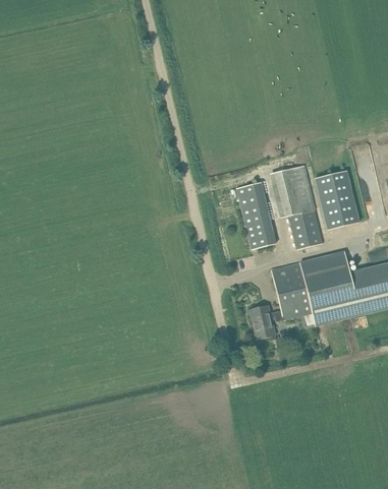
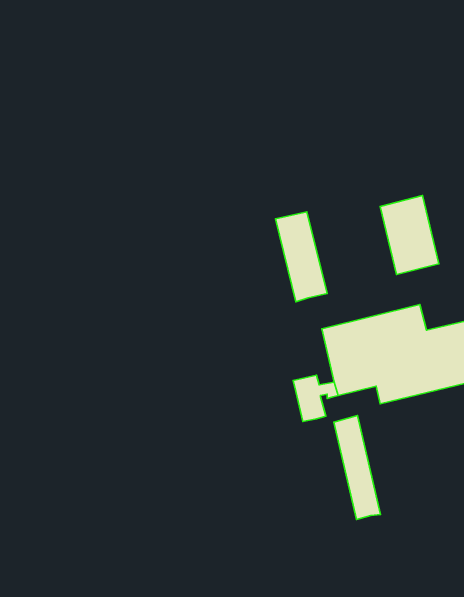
building: [269,166,322,248] -> none
building: none -> [334,416,381,520]

